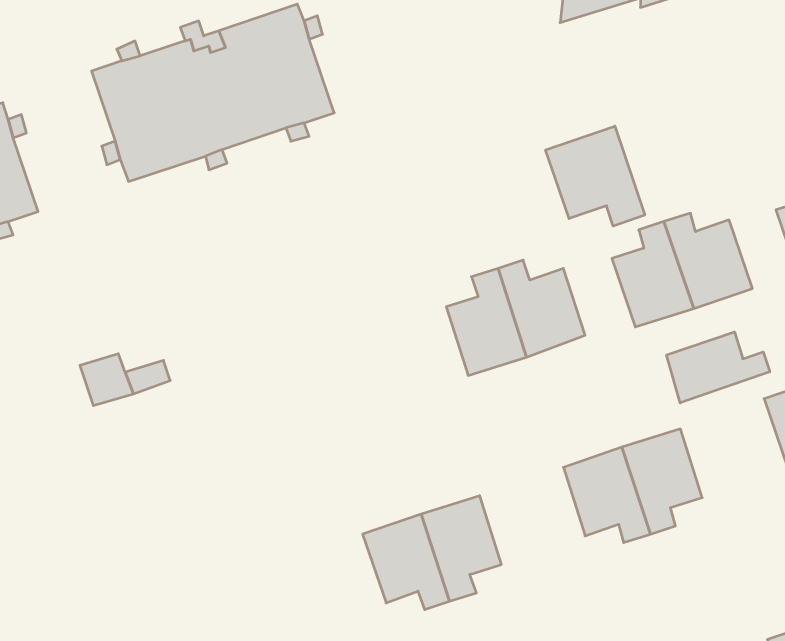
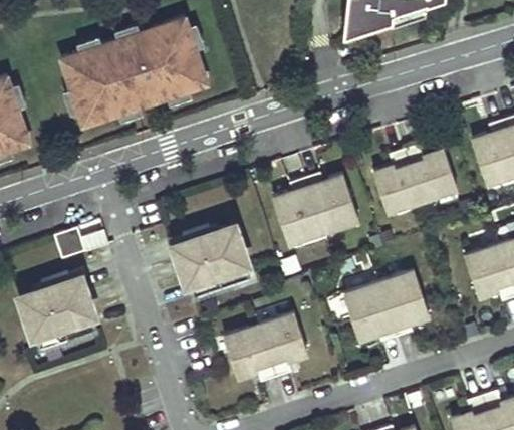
building: [546,126,645,226] -> none
building: [667,332,770,403] -> none
building: none -> [175,227,250,297]
building: none -> [22,277,96,350]

